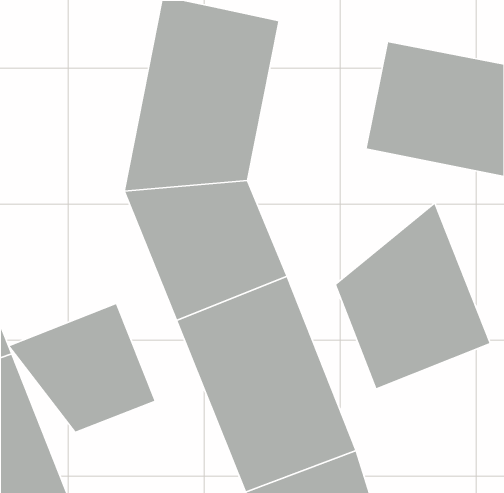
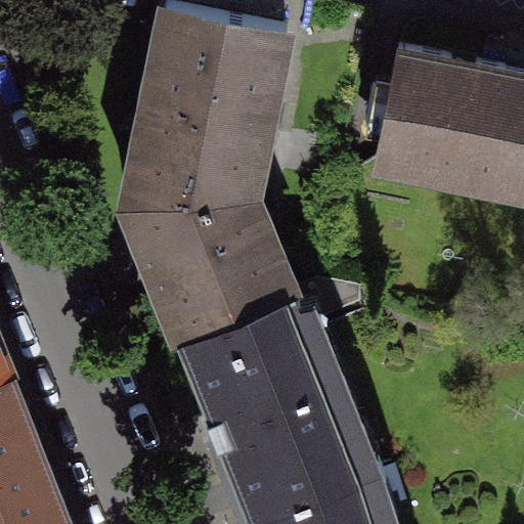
building: [335,203,490,389] -> none
building: [9,303,156,432] -> none

